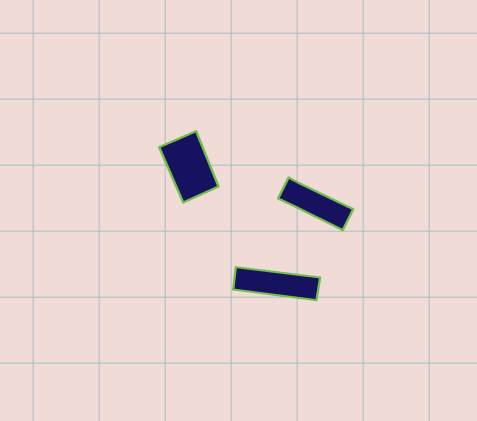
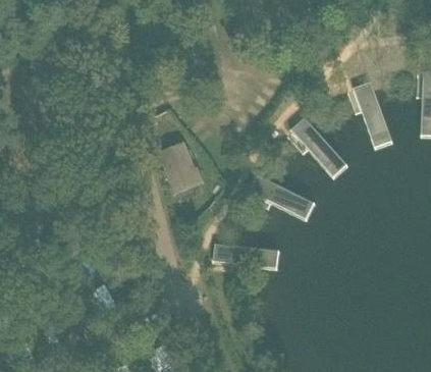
building: none -> [354,83,388,140]
building: none -> [290,118,340,171]

